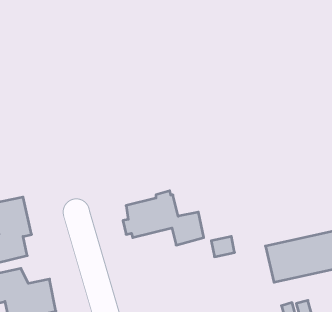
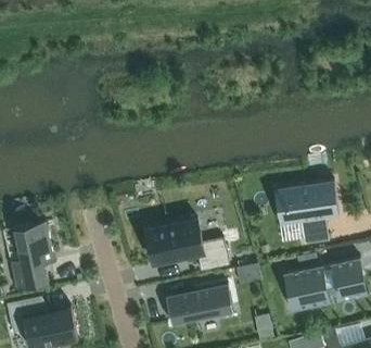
building: none -> [274,181,338,245]
building: none -> [165,283,232,324]

